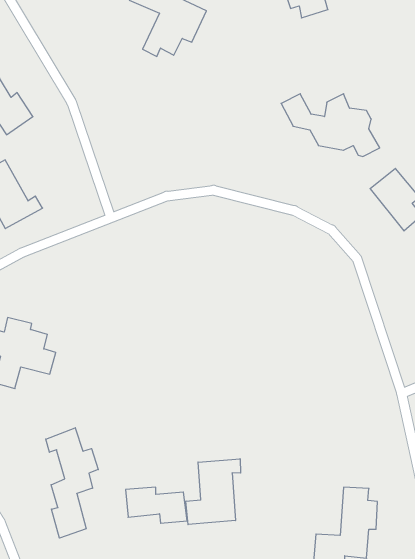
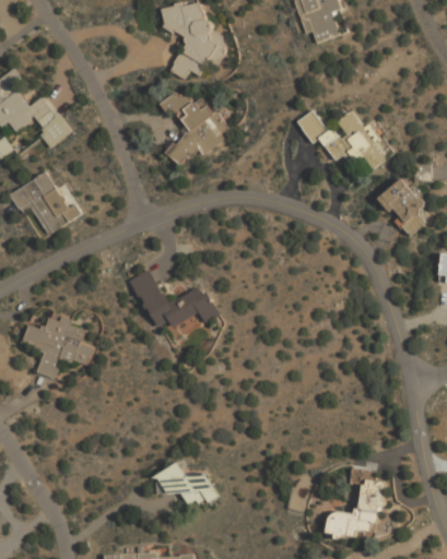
building: none -> [162,91,230,166]
building: none -> [131,271,217,336]
building: [46,428,98,538] -> none
building: [186,459,241,525] -> none

